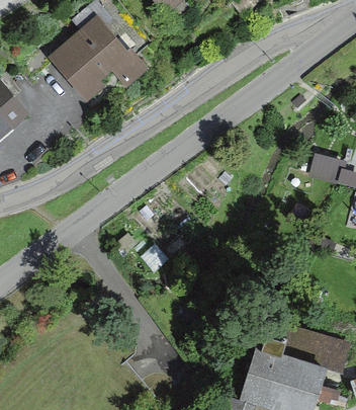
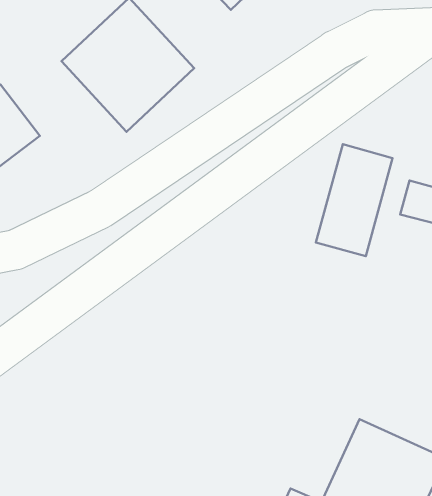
building: none -> [316,144,392,256]

